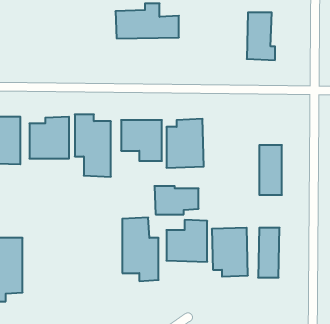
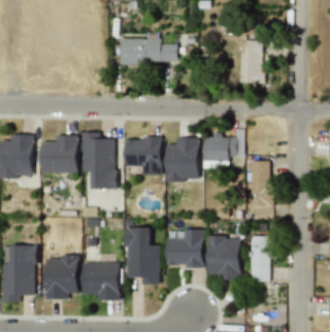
building: [154,186,199,214] -> [202,135,242,161]
building: none -> [44,257,77,300]
building: none -> [81,263,119,301]

